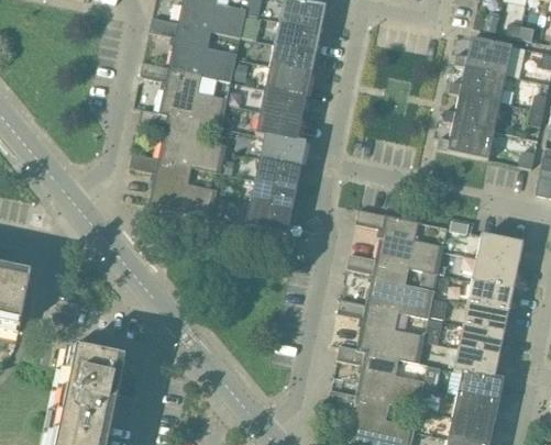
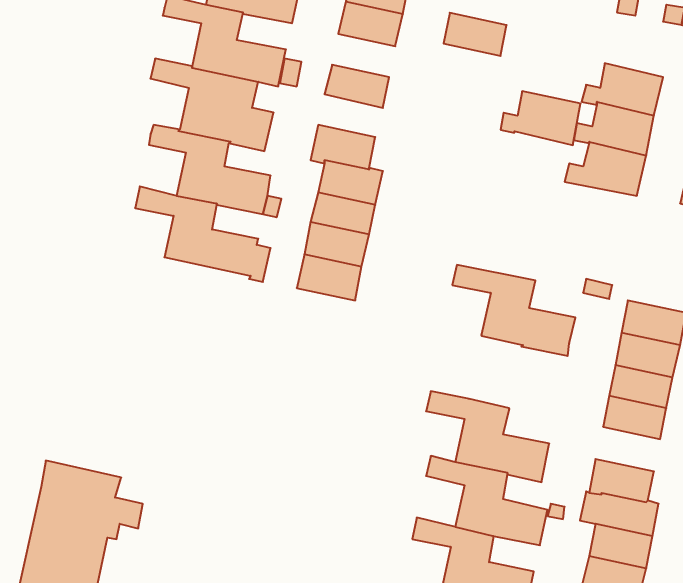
building: [455,35,513,74] -> [501,91,581,145]
building: [271,43,316,74] -> [444,13,507,56]
building: [261,86,307,116] -> none
building: [346,252,434,318] -> none
building: [459,323,505,355] -> none

